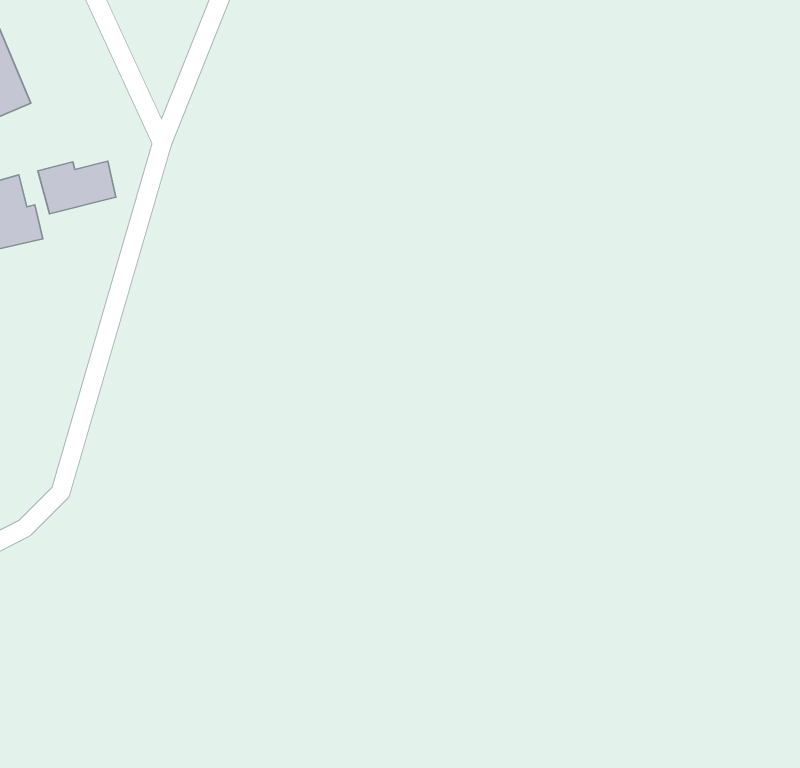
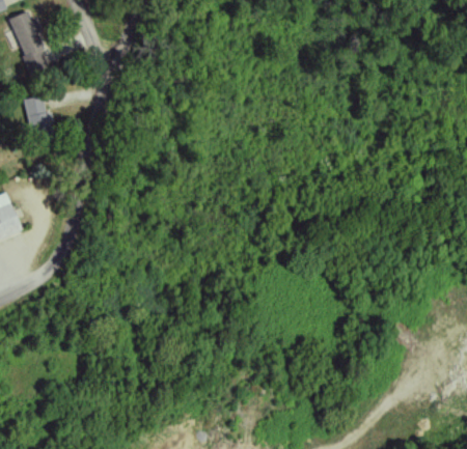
building: [38,161,116,214] -> none

